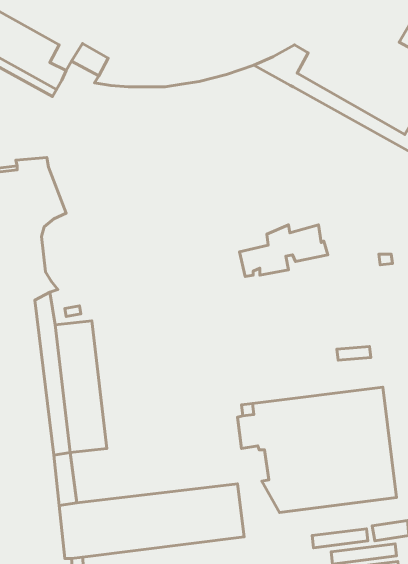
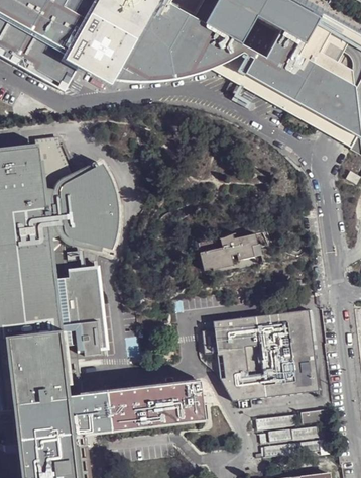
building: none -> [55,165,114,247]
building: [240,225,328,276] -> [199,232,264,271]

